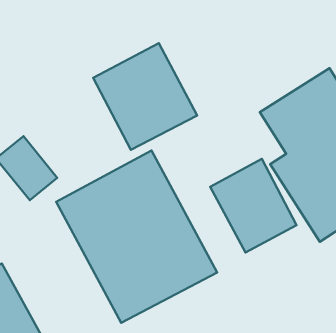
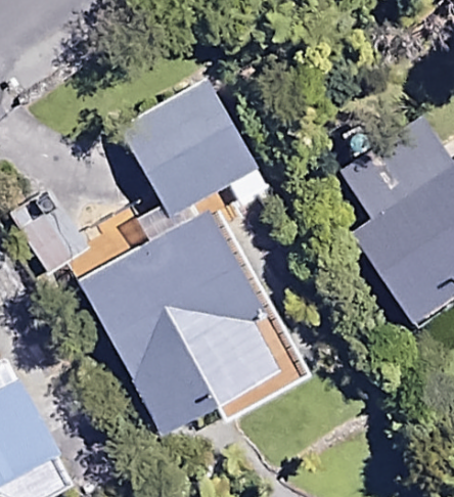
building: [210,159,297,252] -> none

